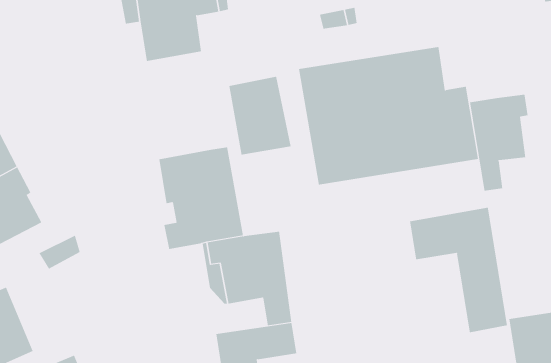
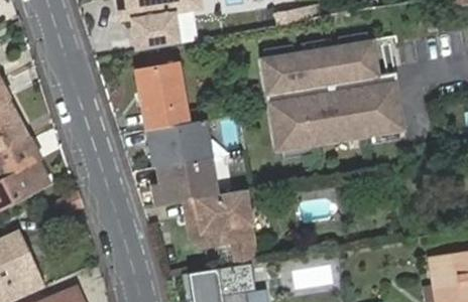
building: [228,76,292,155] -> [136,65,188,130]
building: [469,94,528,192] -> none
building: [410,207,508,333] -> none

